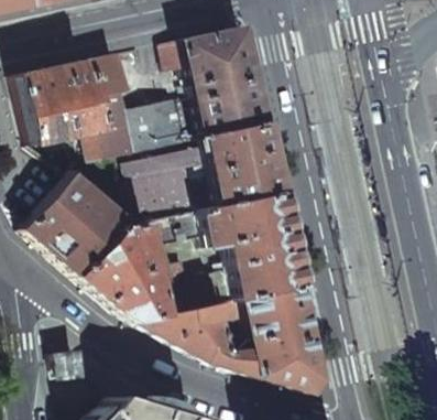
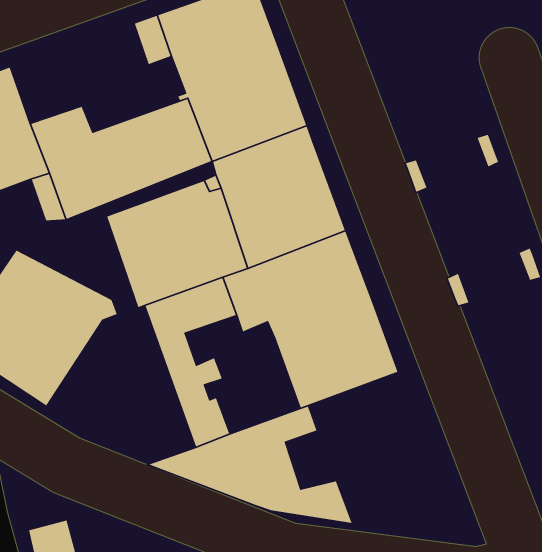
building: [83,53,124,97] -> none
building: [76,222,166,322] -> none
building: [184,265,236,310] -> none
building: [241,286,321,394] -> none

